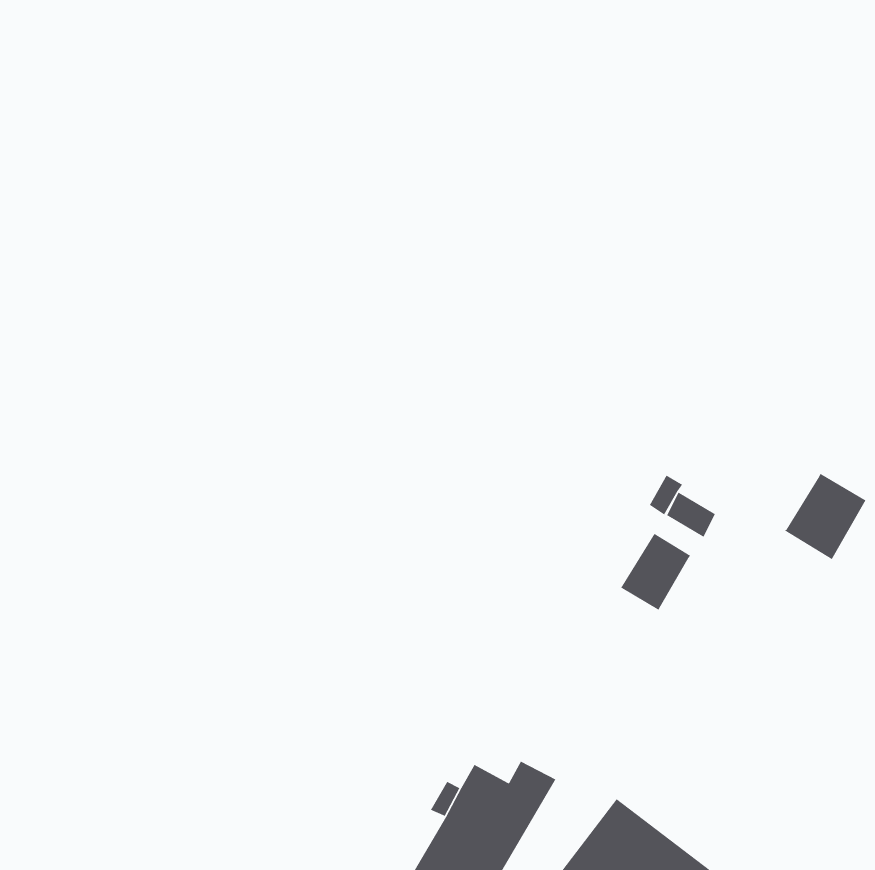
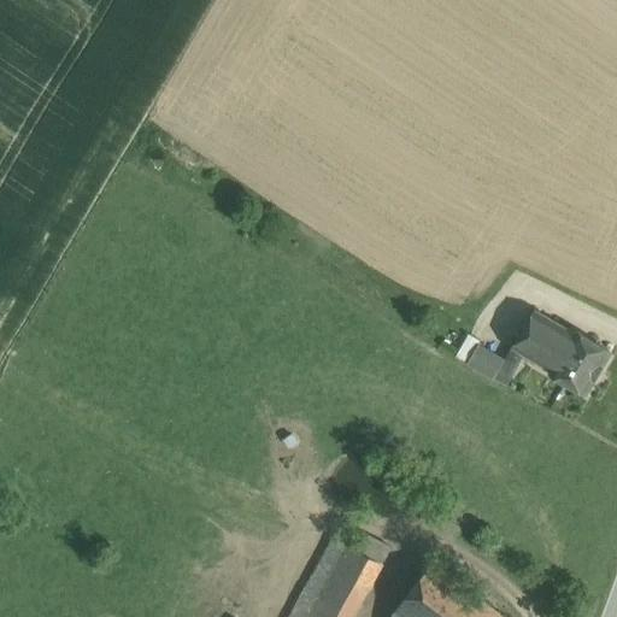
building: none -> [513,315,576,376]
building: [620,533,691,611] -> none

